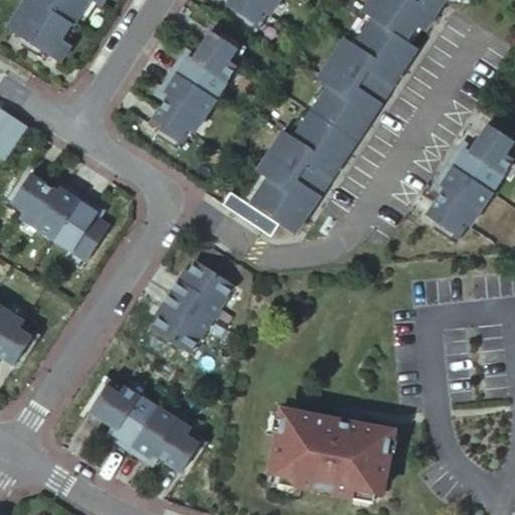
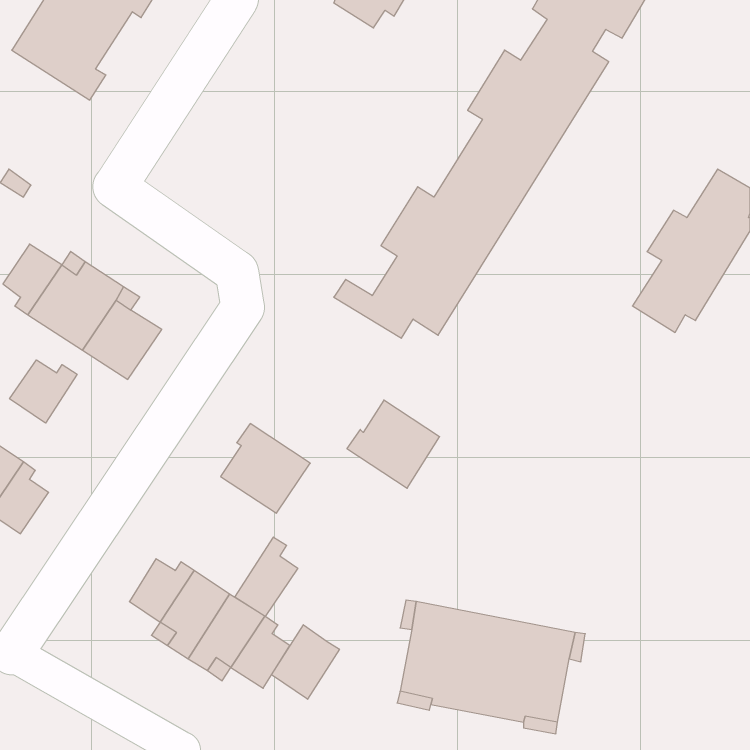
building: [151,32,237,140] -> none
building: none -> [10,360,77,423]
building: [171,256,234,317] -> [347,400,440,488]
building: none -> [235,537,298,616]
building: none -> [271,625,339,699]

